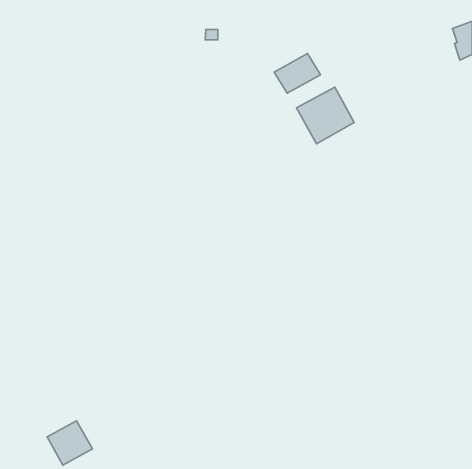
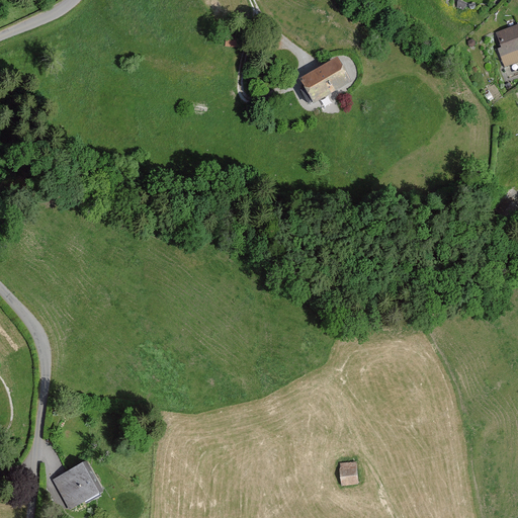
building: [297,87,354,144] -> none
building: none -> [340,459,358,485]

